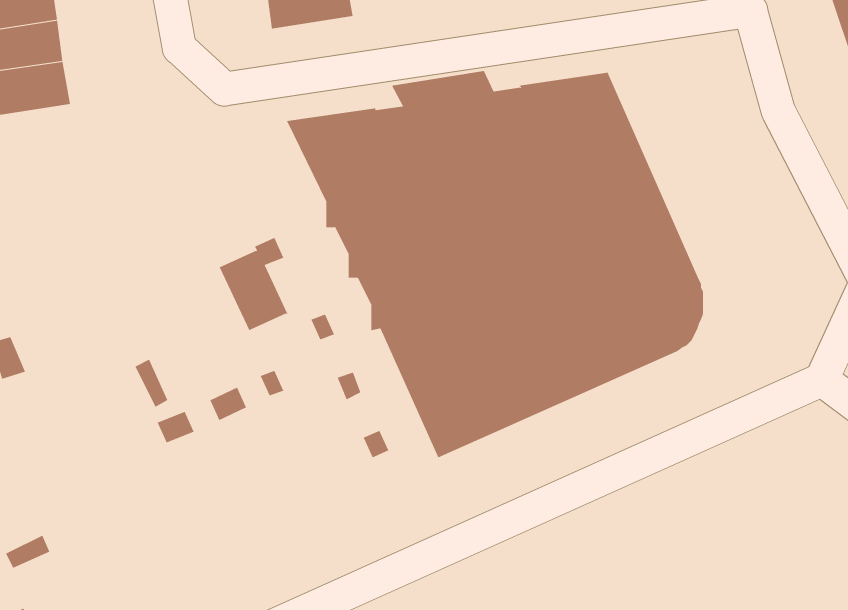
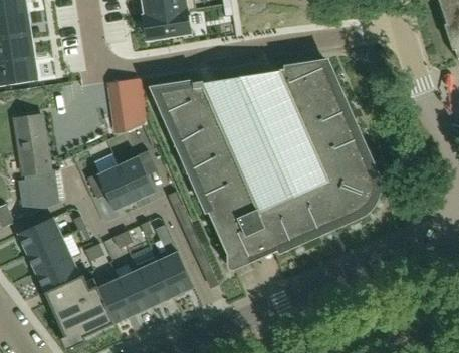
building: none -> [105,79,143,128]
building: none -> [15,114,59,218]
building: none -> [87,166,134,211]
building: none -> [17,217,194,337]

